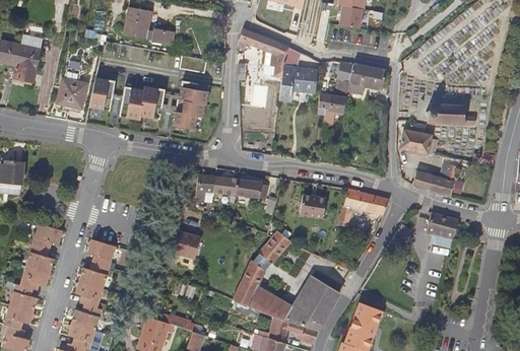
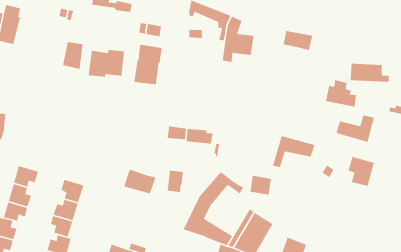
building: [319,62,353,125] -> none
building: [57,70,85,108] -> none
building: [195,174,215,202] -> [167,170,184,193]
building: [300,193,326,217] -> [250,175,272,196]

